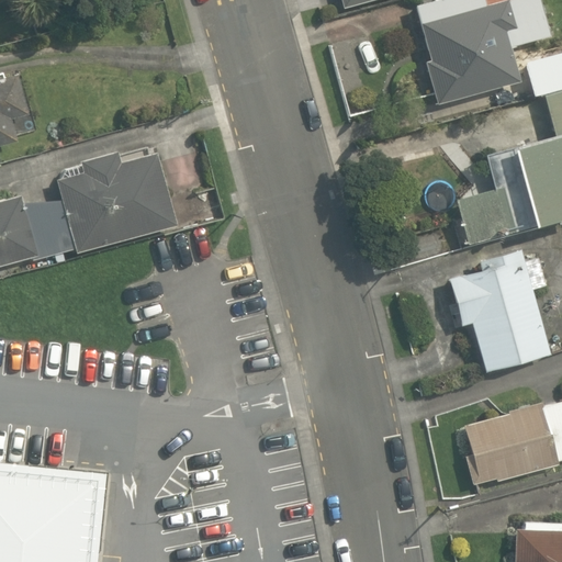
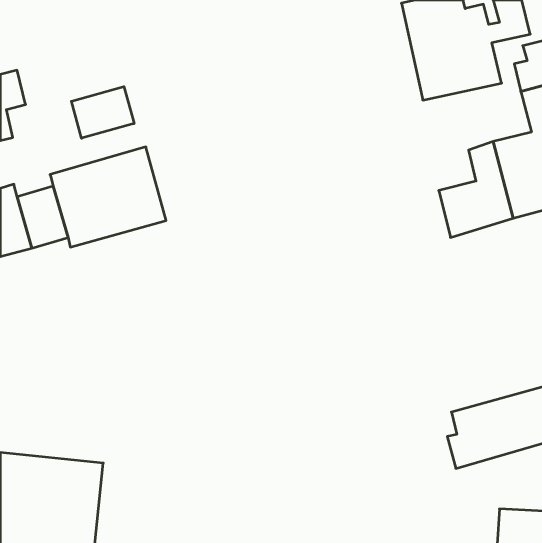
building: none -> [71,87,134,138]
building: [447,240,548,366] -> none

